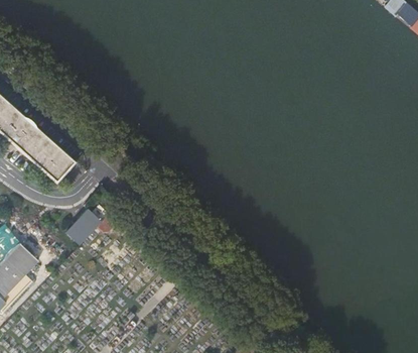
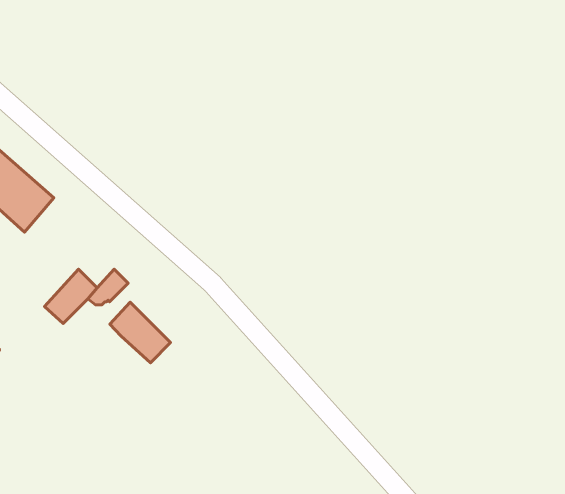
building: none -> [110,302,171,363]

